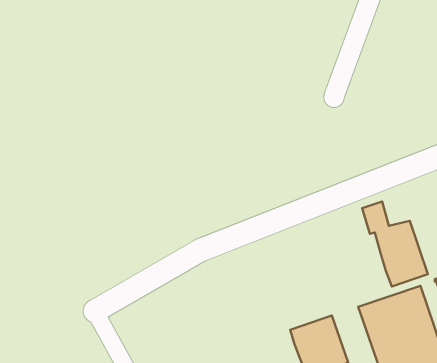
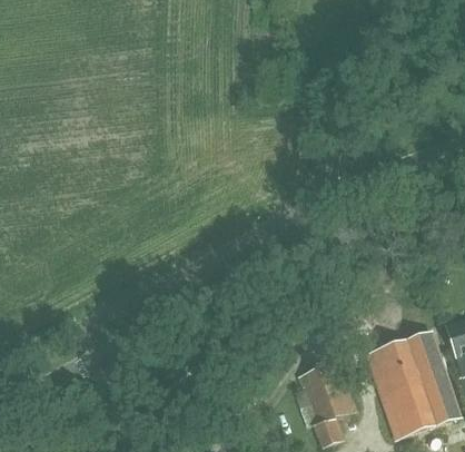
building: [362,201,428,286] -> none

